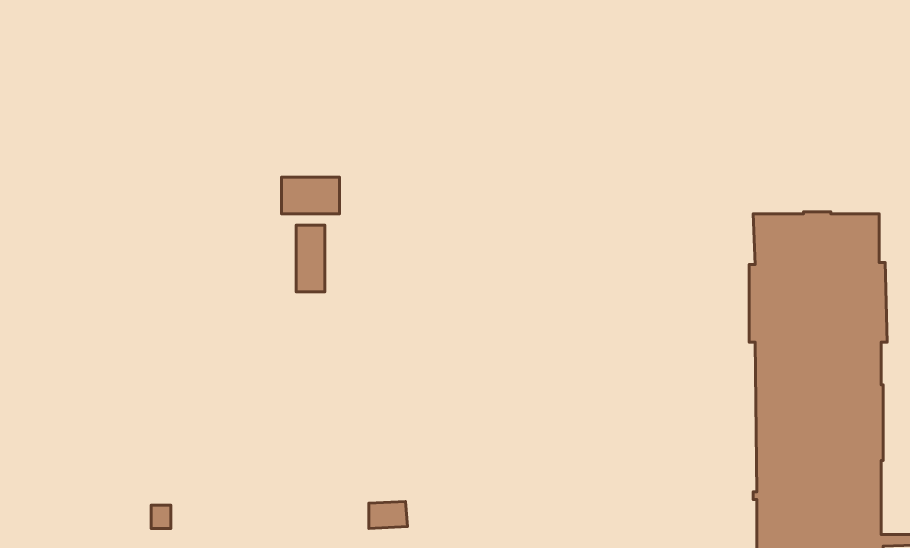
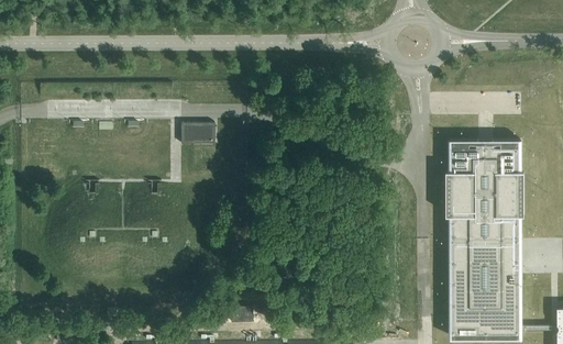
building: [296,225,325,292] -> none

